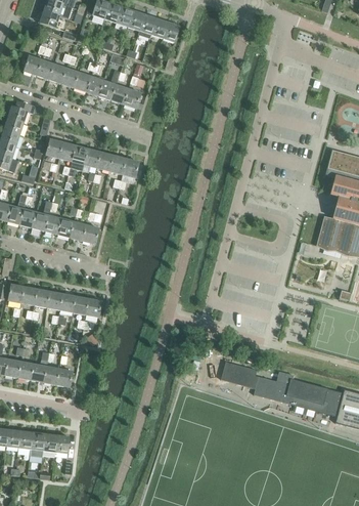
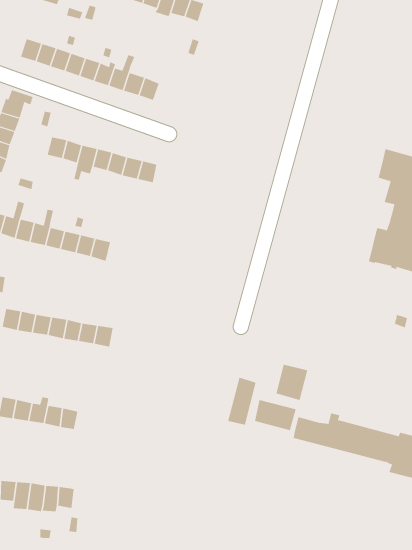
building: none -> [276,364,308,401]
building: none -> [228,377,256,425]

